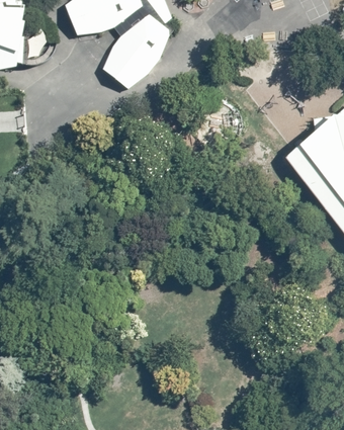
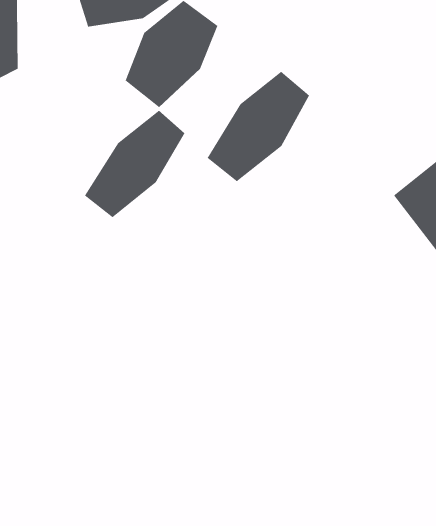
building: none -> [207,71,310,182]
building: none -> [84,110,185,218]

